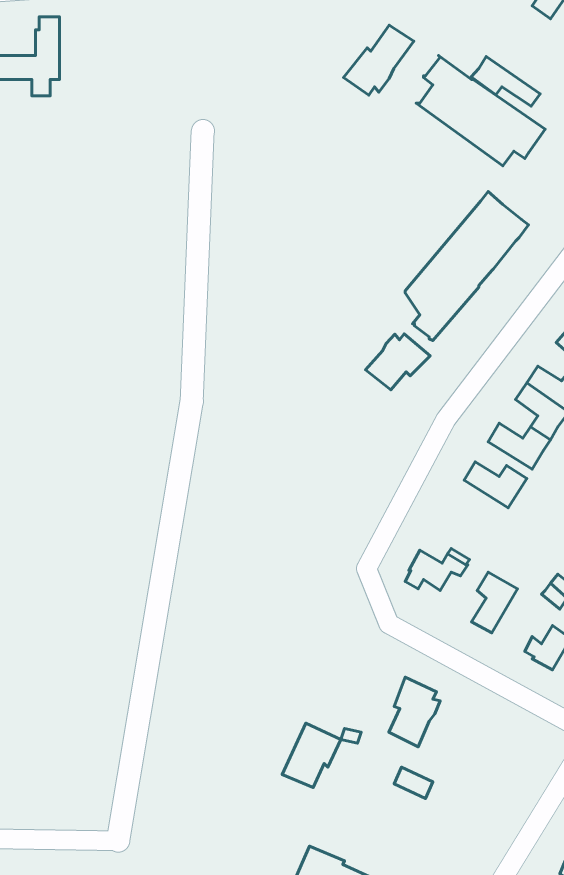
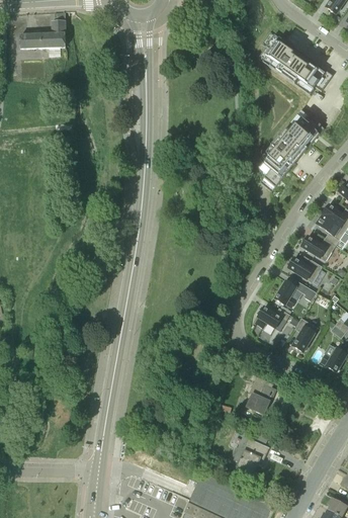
building: [344,25,414,95] -> none
building: [471,57,540,106] -> none
building: [365,334,430,390] -> none
building: none -> [275,280,317,307]
building: [282,723,341,787] -> [236,437,268,472]

